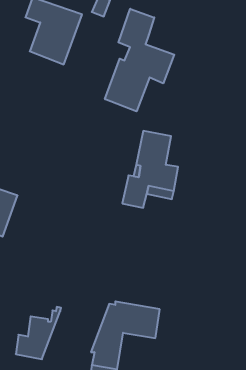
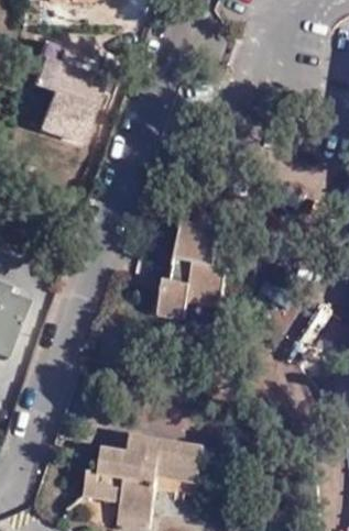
building: [105,9,174,111] -> none
building: [16,307,61,359] -> [84,432,141,498]

